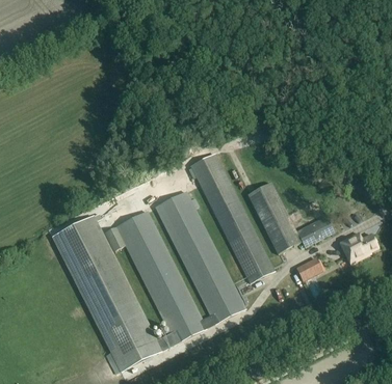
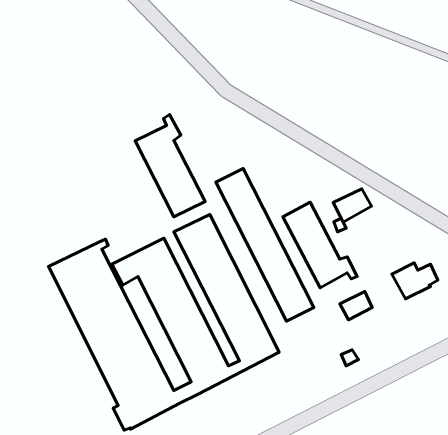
building: none -> [135,114,205,217]
building: [300,216,333,244] -> [333,189,372,222]

